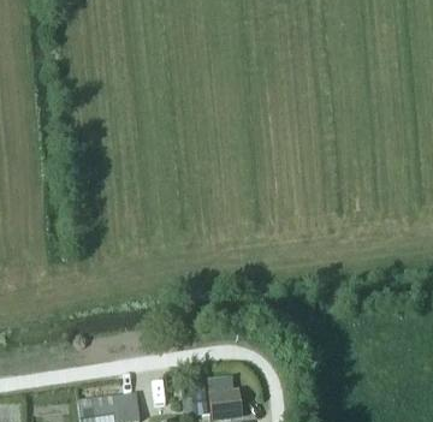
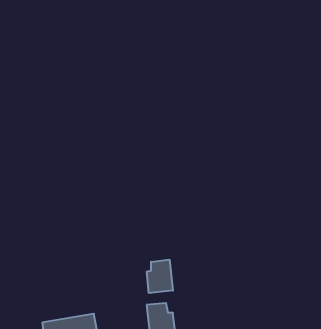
building: none -> [147,260,173,293]

